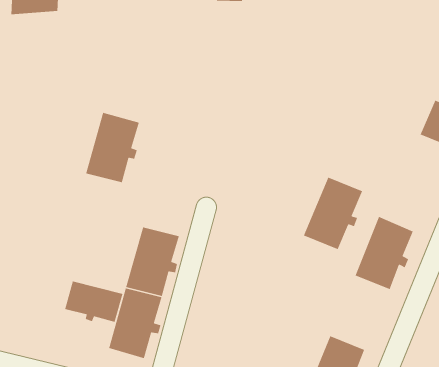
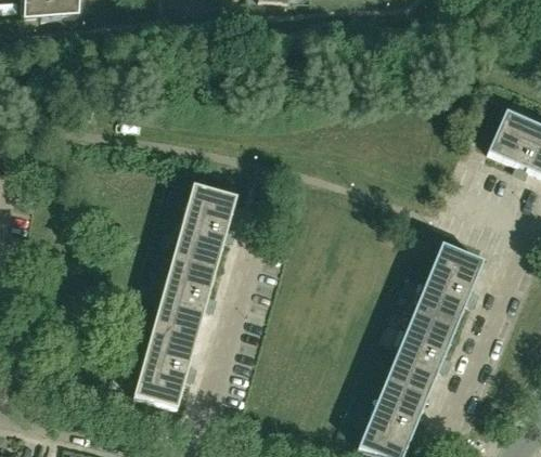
building: [85,112,140,183] -> [173,187,235,269]
building: [303,177,363,250] -> [386,314,454,397]
building: [64,280,123,323] -> none

